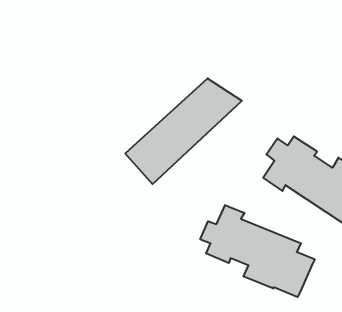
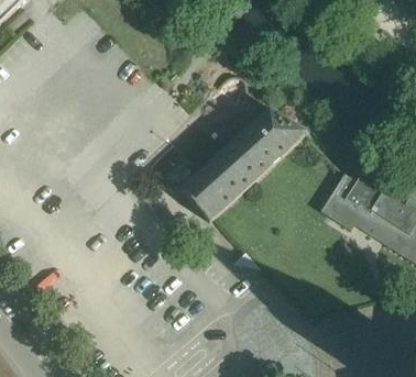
building: [200,205,315,297] -> none

